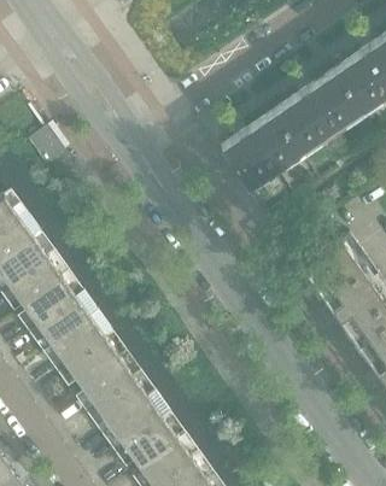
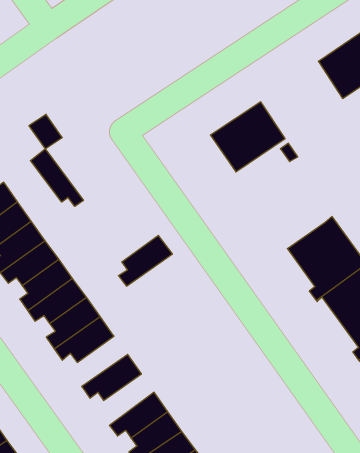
building: [276,74,362,154] -> none
building: none -> [30,149,83,206]
building: [80,362,136,415] -> [118,236,172,286]
building: [109,402,164,456] -> none

